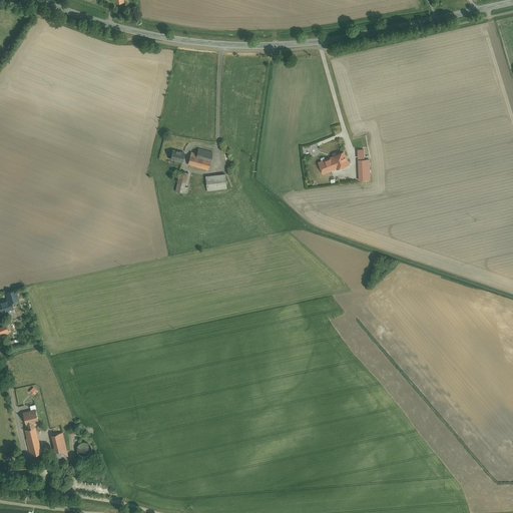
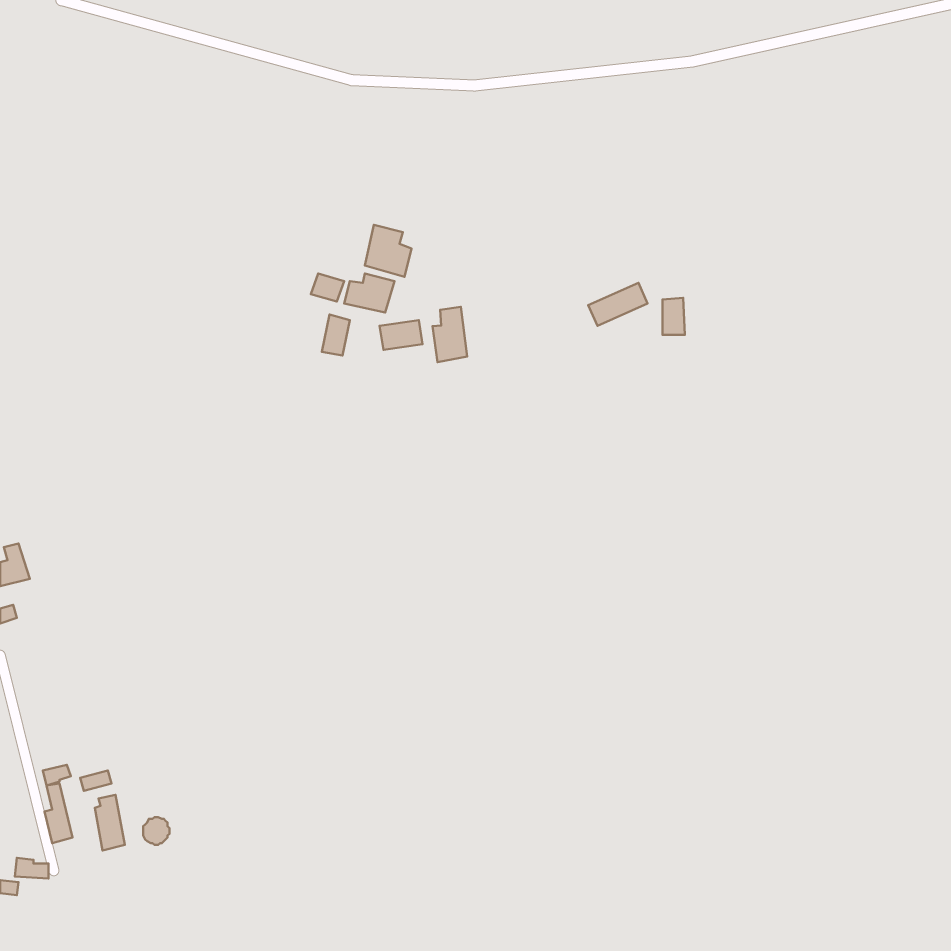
building: none -> [365,225,411,277]
building: none -> [432,307,467,362]

